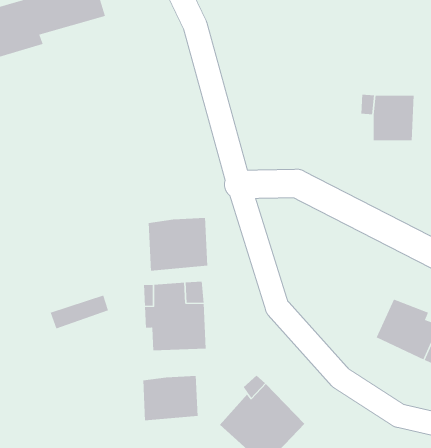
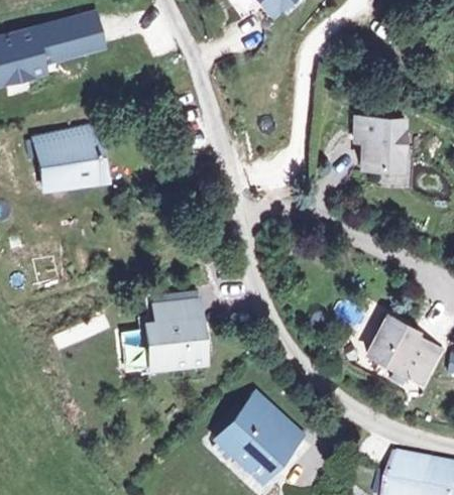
building: none -> [32,130,106,193]
building: [148,217,208,271] -> none
building: [143,375,198,421] -> none

